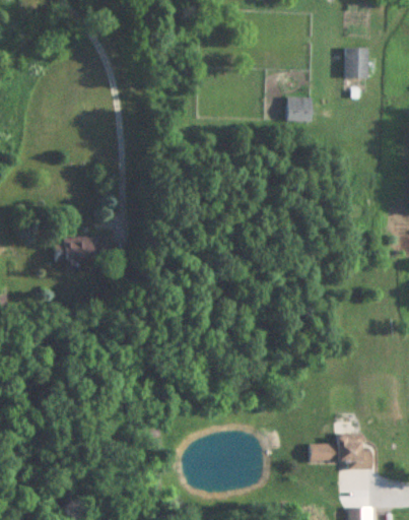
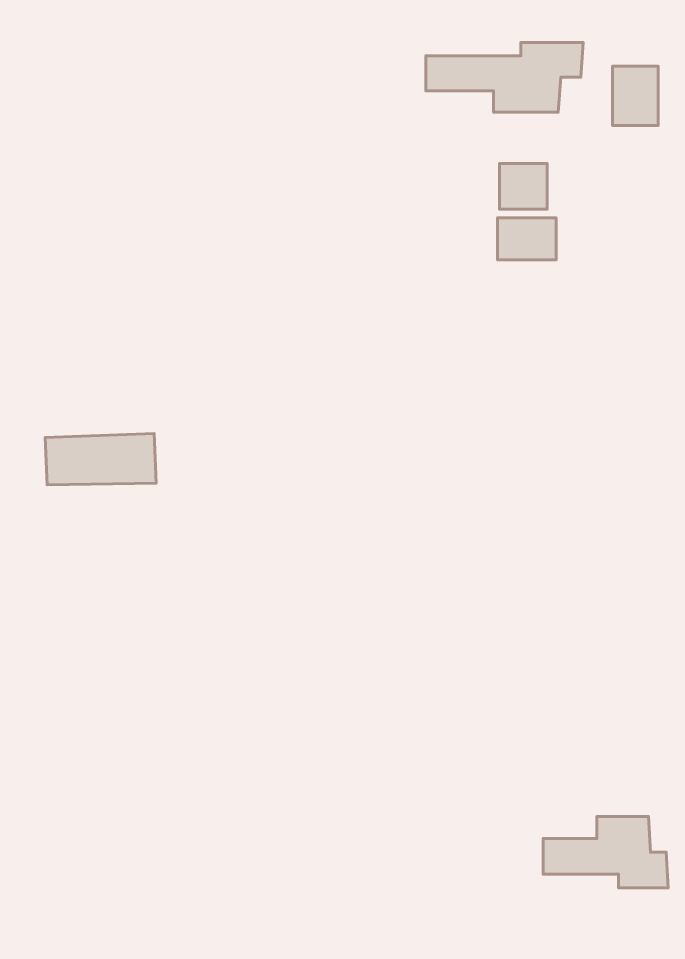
building: none -> [426,42,583,112]
building: none -> [498,218,556,260]

